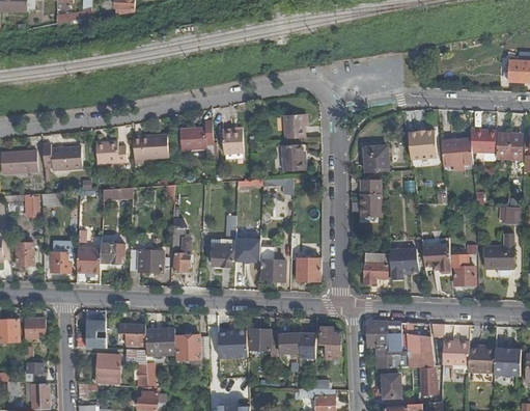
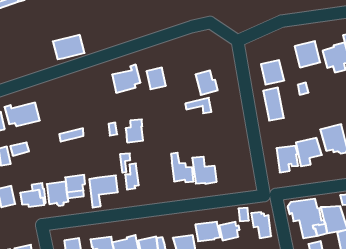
building: [283,113,304,138] -> none
building: [132,134,168,159] -> [53,35,85,59]
building: [95,141,125,164] -> none
building: [290,232,319,280] -> none
building: [212,239,234,266] -> [126,119,143,142]

